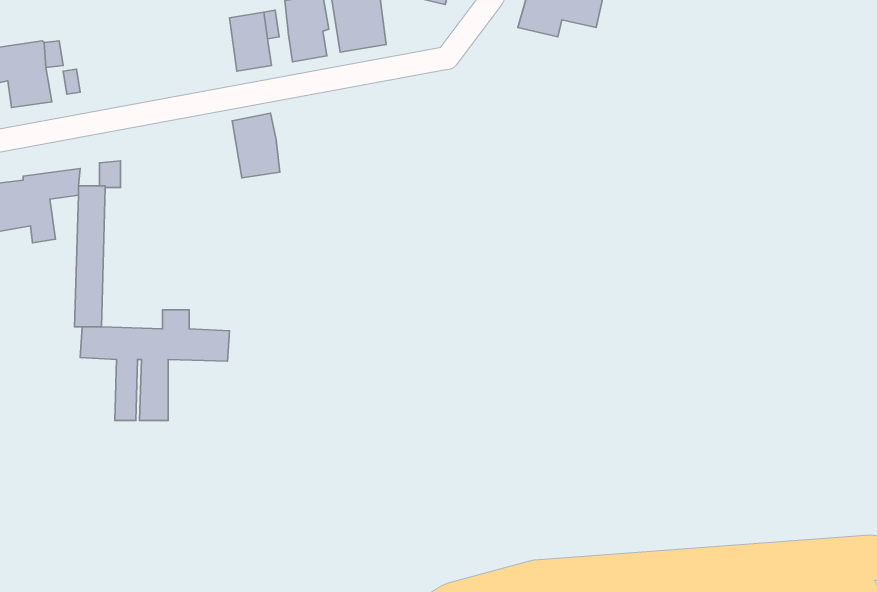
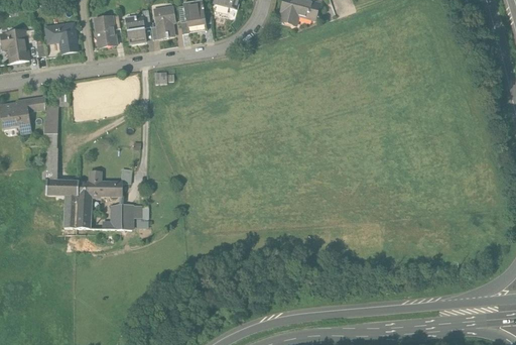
building: none -> [42,20,79,54]
building: [232,113,280,178] -> [92,14,117,48]
building: none -> [101,204,141,229]

